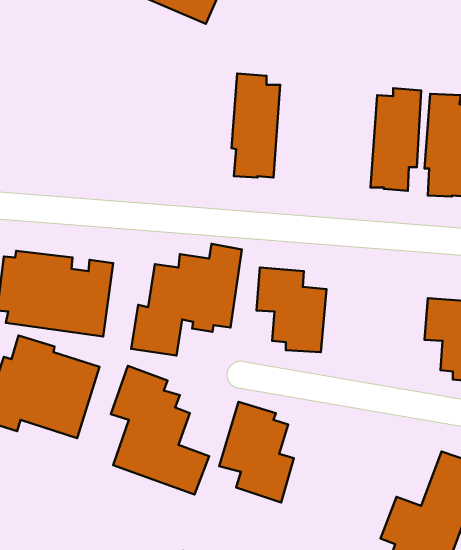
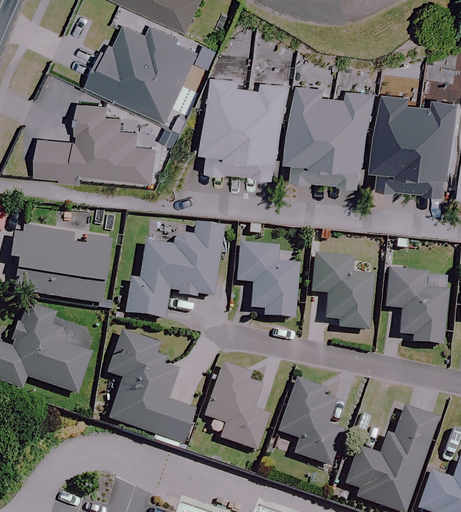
building: none -> [87,18,203,117]
building: none -> [252,74,297,165]
building: none -> [302,79,344,171]
building: none -> [43,96,165,175]
building: none -> [312,254,373,329]
building: none -> [280,378,343,465]

